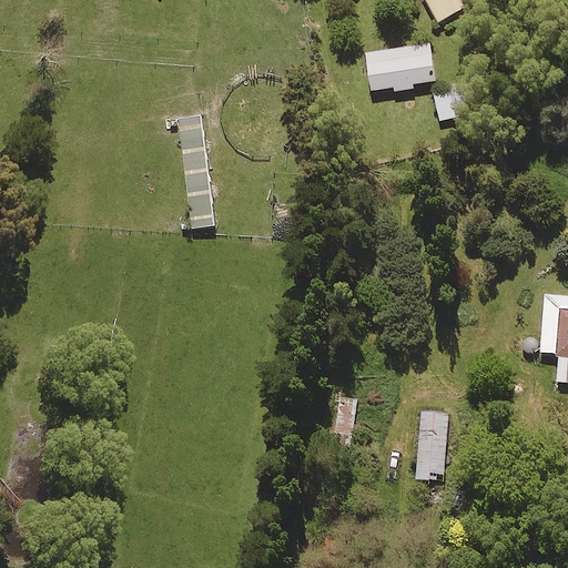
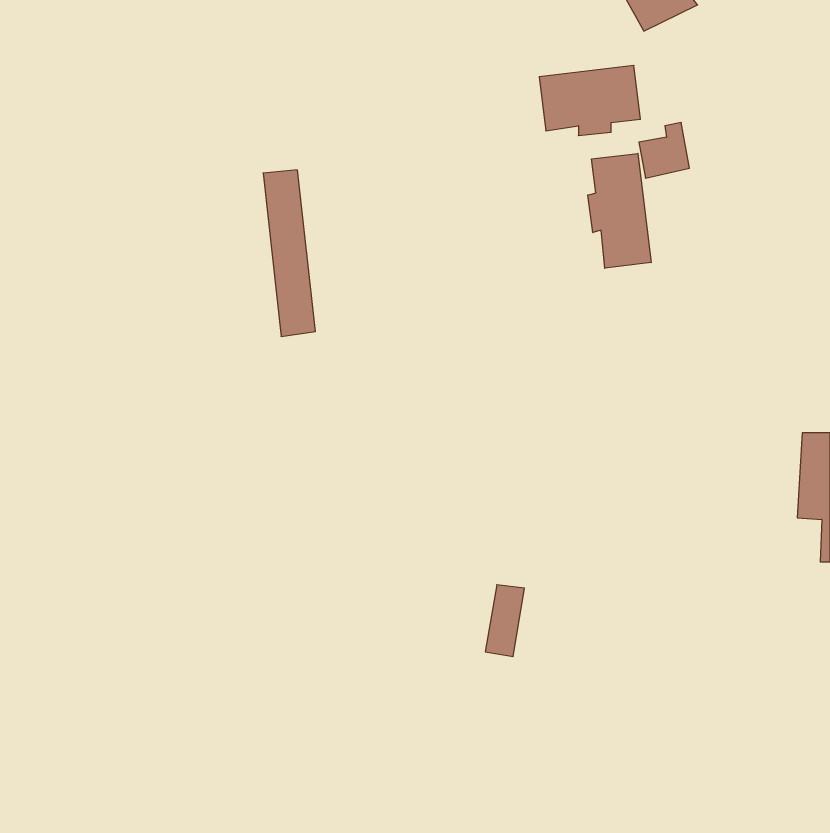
building: none -> [588,153,651,268]
building: [415,410,448,479] -> none

